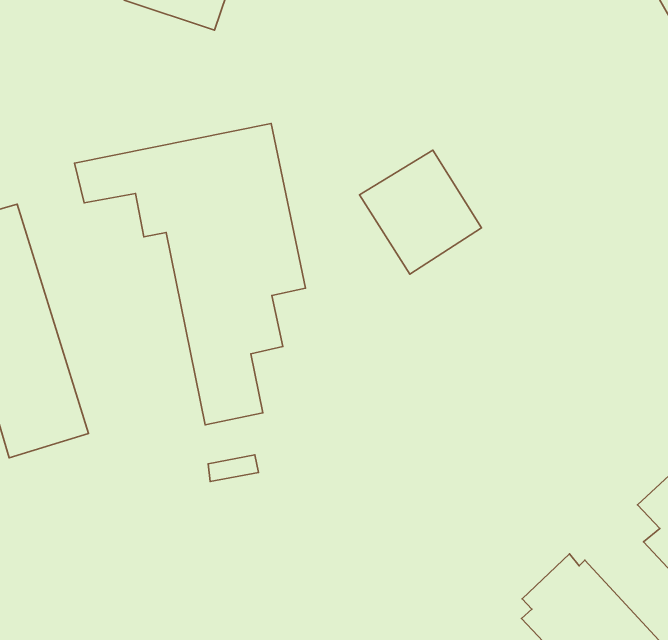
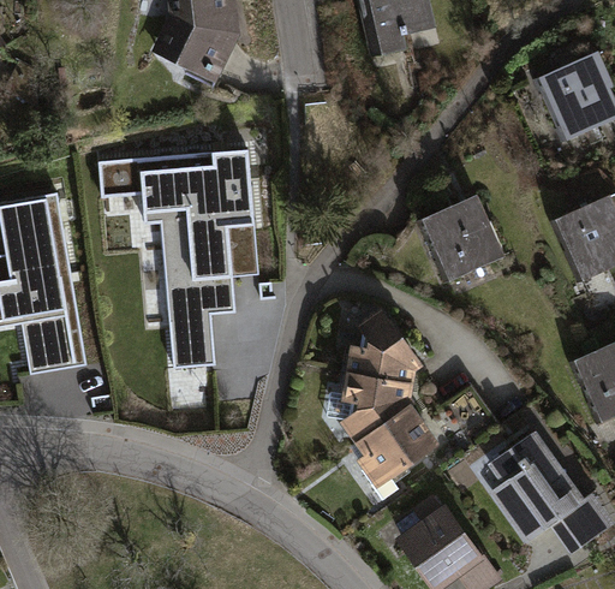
building: [360,150,481,274] -> [418,191,504,280]
building: none -> [336,304,438,488]

